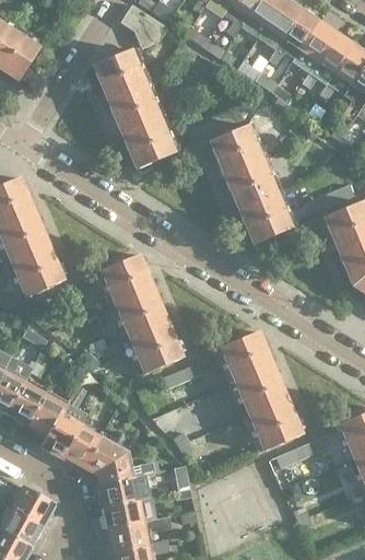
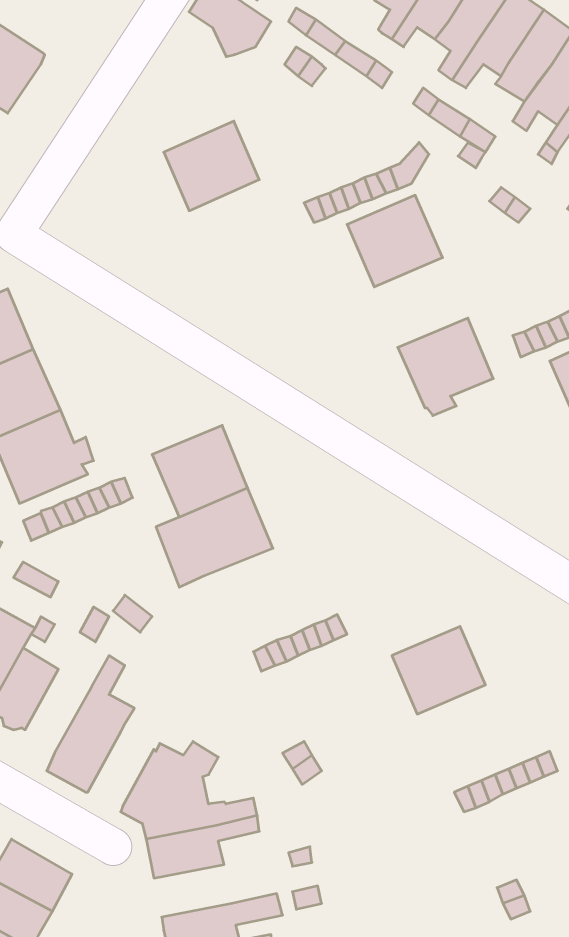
building: [93,46,146,100] -> none
building: [121,115,175,173] -> none
building: [225,159,278,209] -> none
building: [130,322,187,373] -> none
building: [220,330,273,382] -> none
building: [30,389,67,436] -> none
building: [249,398,306,450] -> none
building: [64,413,111,469] -> none
building: [102,499,145,528] -> none

